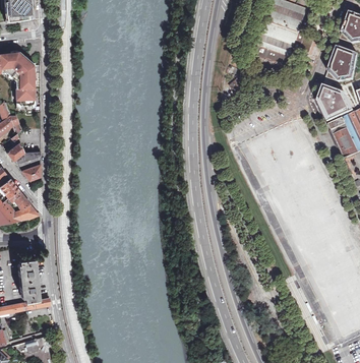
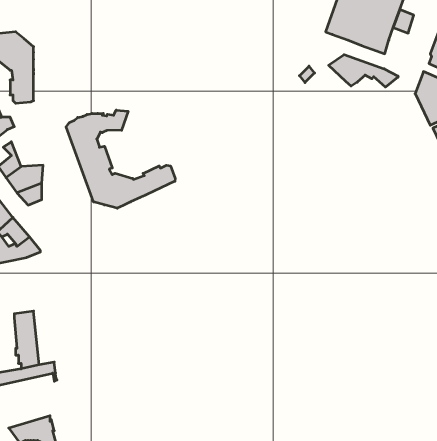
building: none -> [329,55,398,87]
building: none -> [66,110,175,208]

